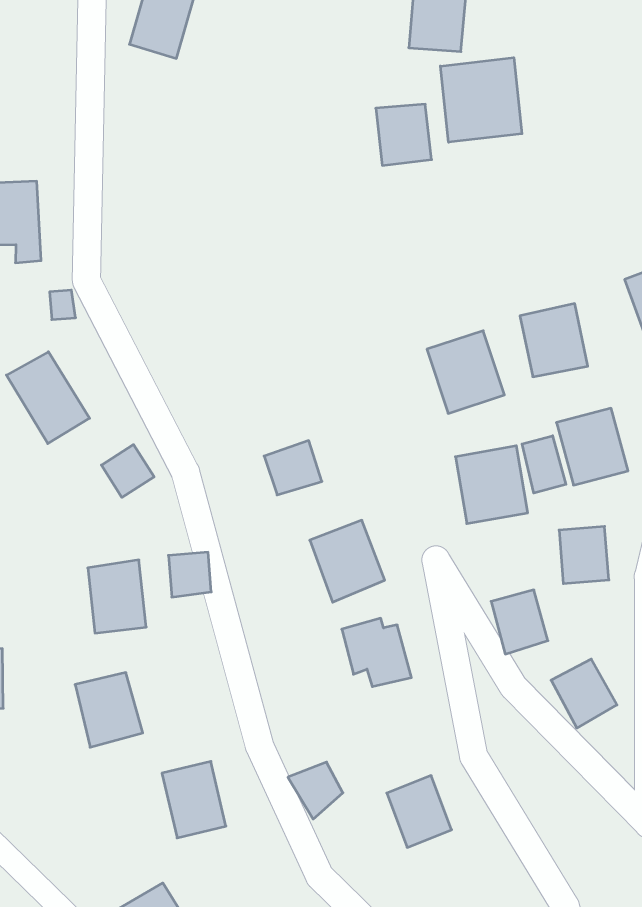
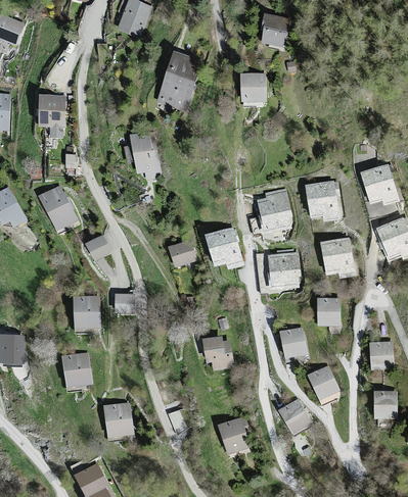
building: [440,58,522,142] -> none
building: none -> [156,53,202,113]
building: none -> [130,132,162,182]
building: [522,436,566,493] -> none
building: [310,520,385,602] -> [206,227,242,267]
building: none -> [278,398,312,434]

